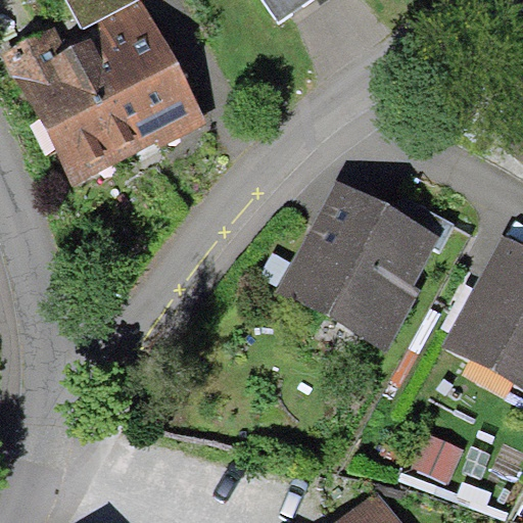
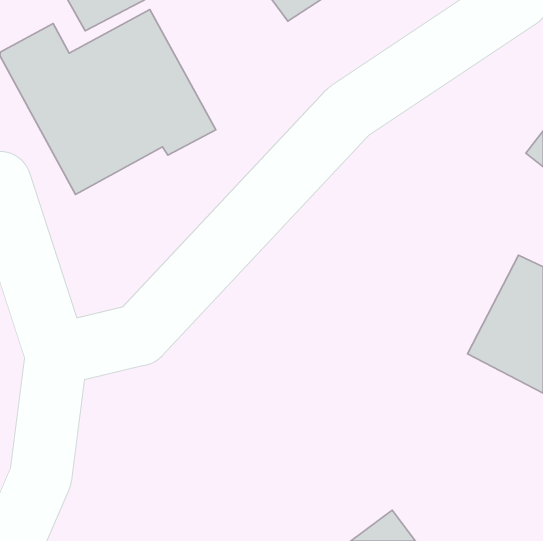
building: [281,183,457,346] -> none

